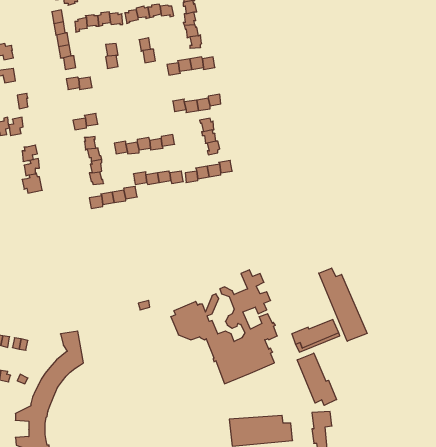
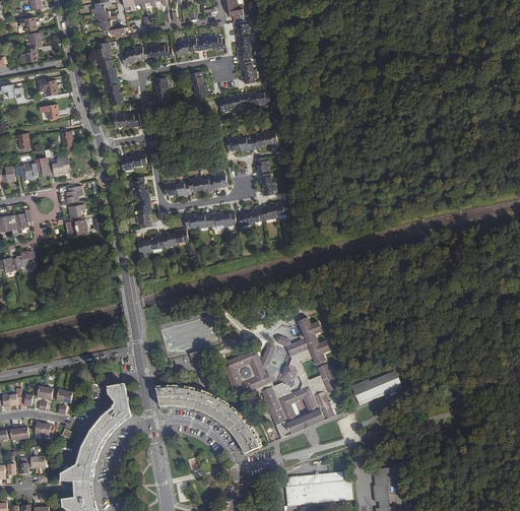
building: [319,268,367,341] -> none
building: none -> [156,385,263,454]
building: [297,353,337,405] -> none

